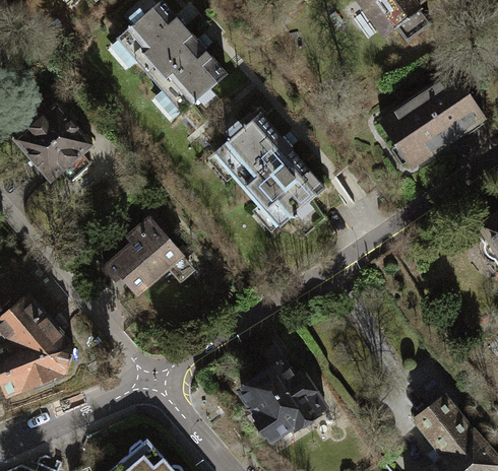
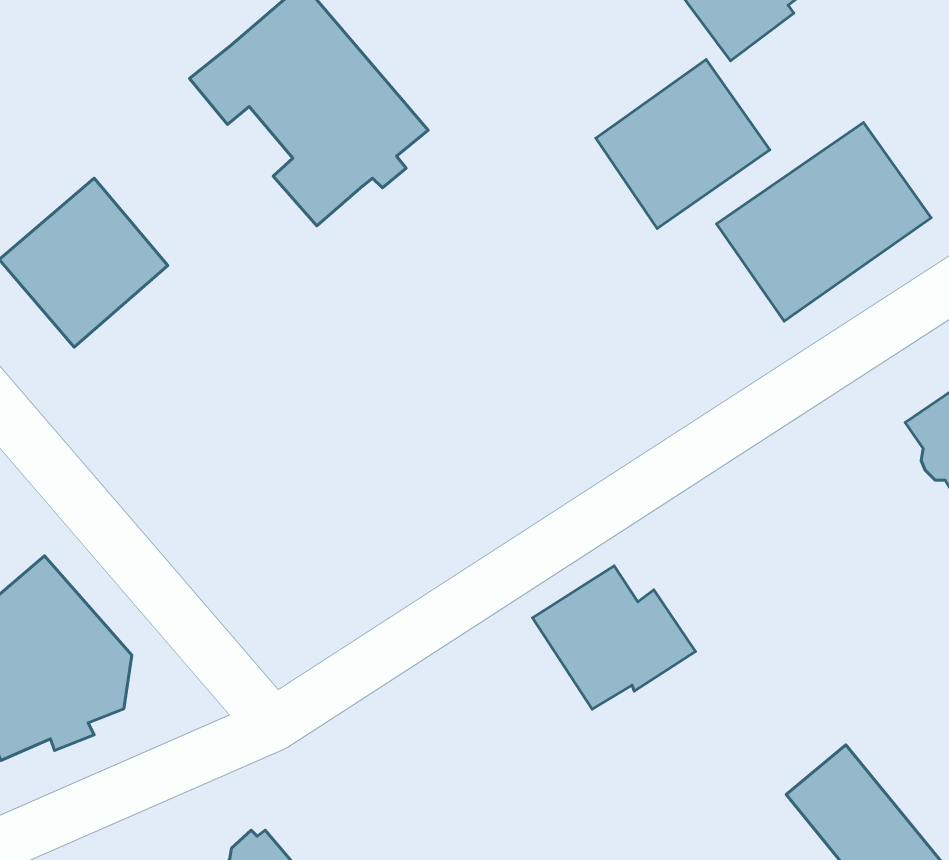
building: none -> [596,60,770,228]
building: [206,115,324,234] -> none
building: [99,213,186,297] -> none
building: [240,359,323,432] -> [533,566,696,709]

